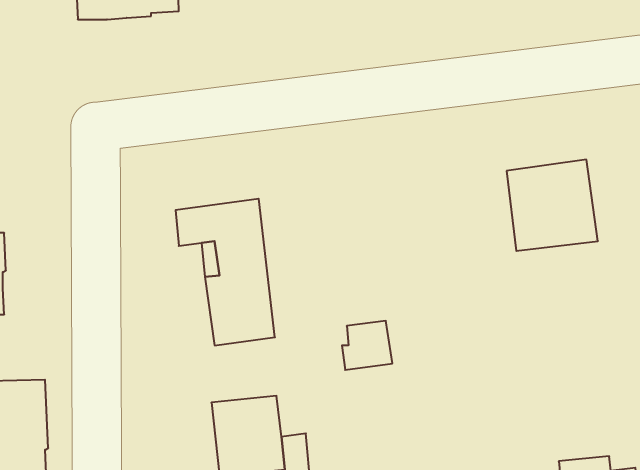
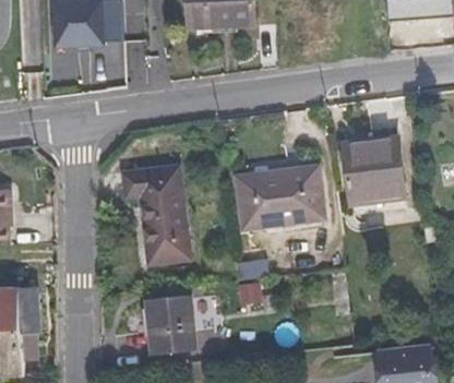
building: none -> [237,167,324,230]

